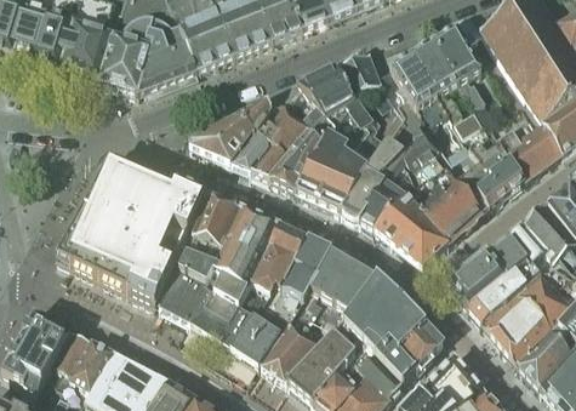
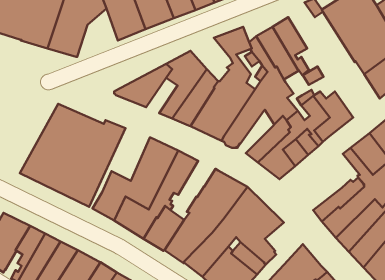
building: [138,25,195,93] -> none
building: [434,27,485,104] -> none
building: [297,67,357,127] -> none
building: [491,99,563,178] -> none
building: [235,122,279,172] -> none
building: [363,167,415,228] -> none
building: [187,195,240,267] -> none
building: [446,230,532,308] -> none
building: [268,239,332,321] -> none
building: [401,325,445,370] -> none

